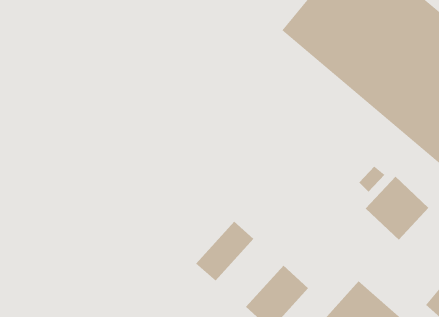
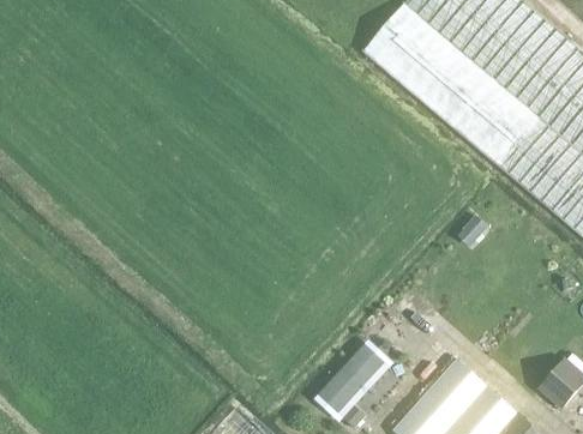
building: [365,176,429,241] -> none
building: [195,221,254,282] -> none

